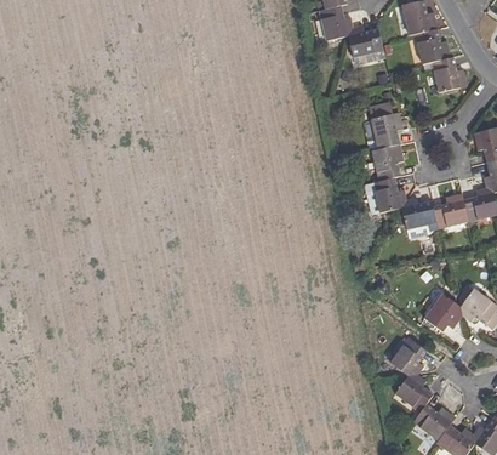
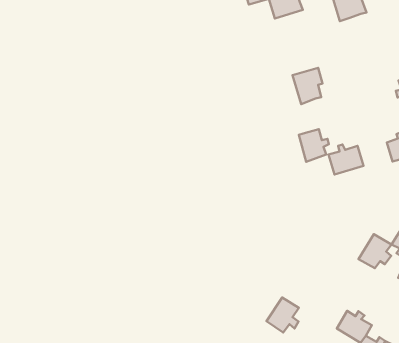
building: [432,56,463,92] -> none
building: [369,144,400,182] -> none
building: [433,192,468,226] -> none
building: [392,337,427,375] -> [267,298,299,333]

